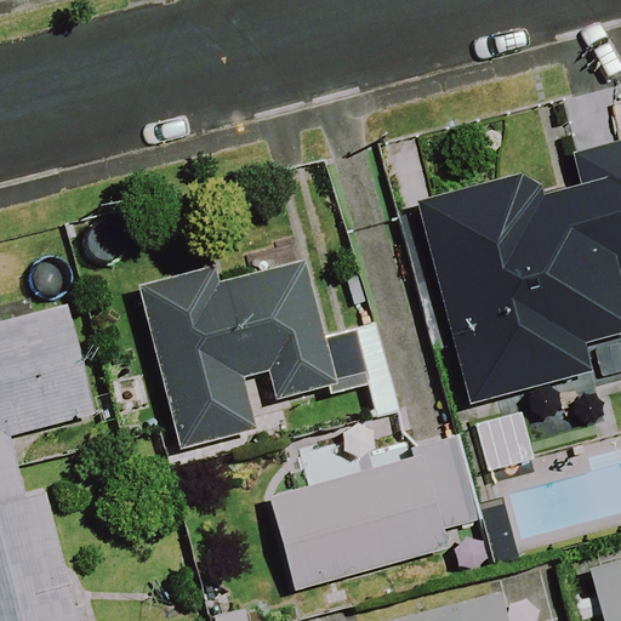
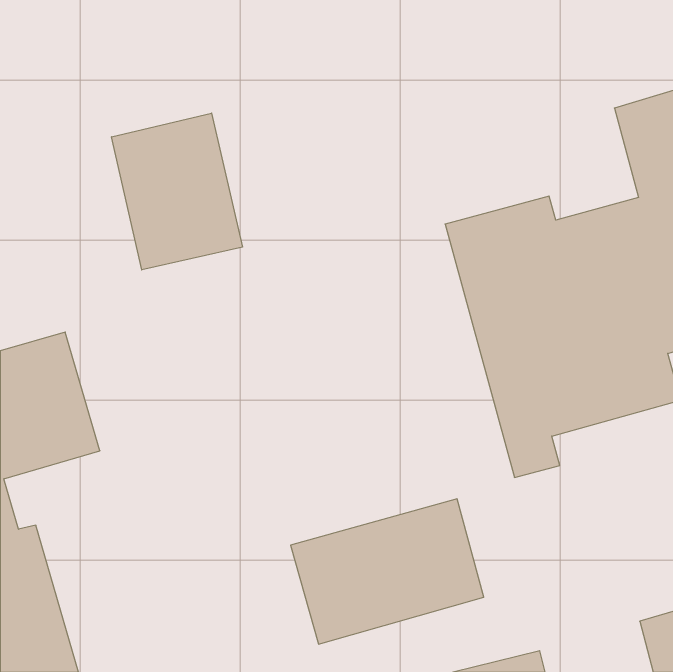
building: none -> [112,113,242,270]
building: [142,262,378,448] -> none

